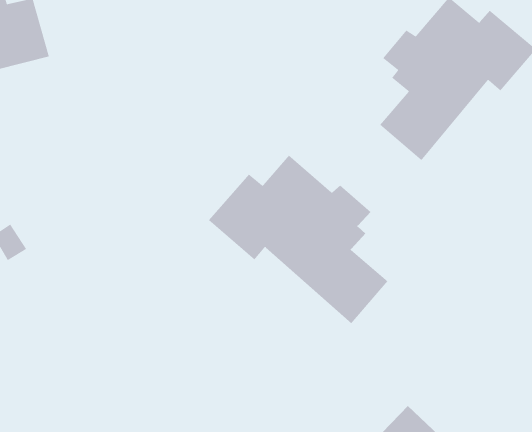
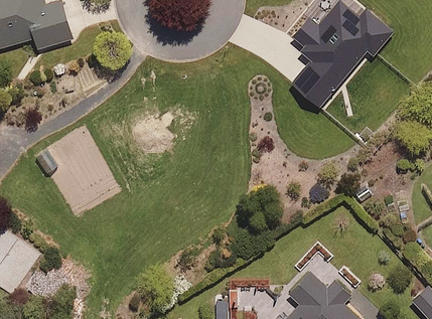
building: [208,155,389,324] -> none

